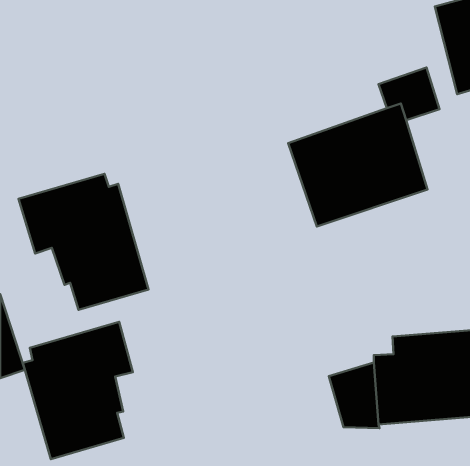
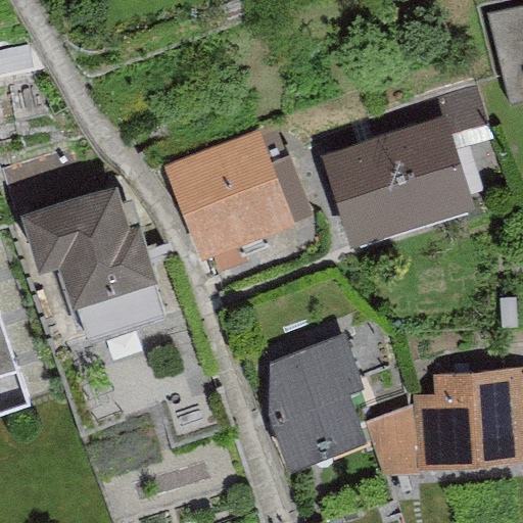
building: none -> [163,127,298,262]
building: none -> [269,333,366,477]
building: [23,322,133,459] -> none

